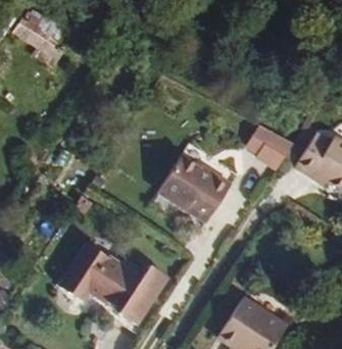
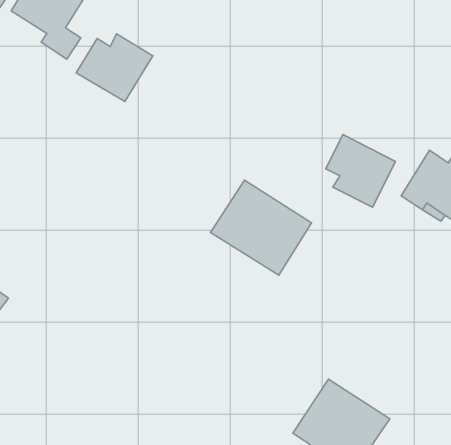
building: none -> [76,34,153,102]
building: [61,243,168,326] -> none

